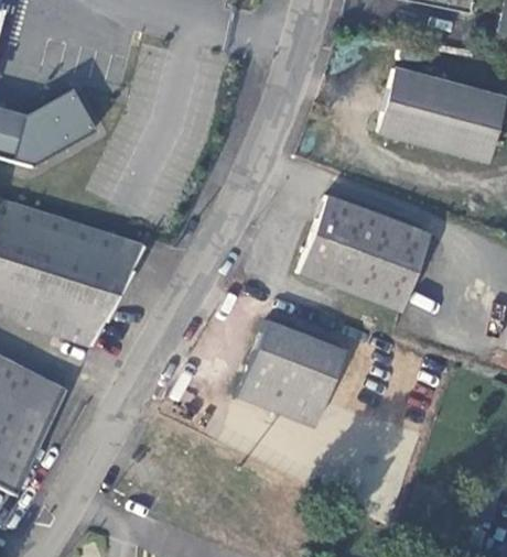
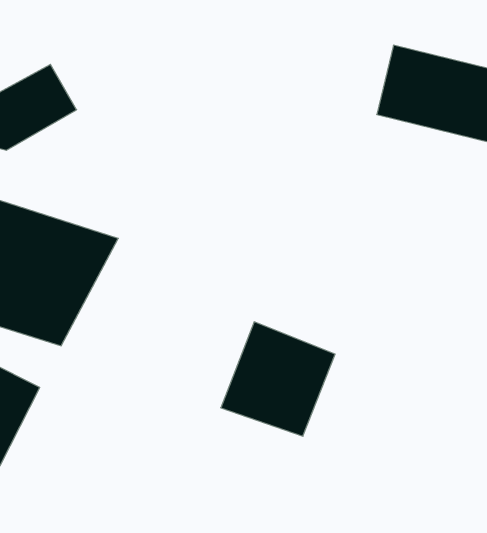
building: [296,196,429,313] -> none

